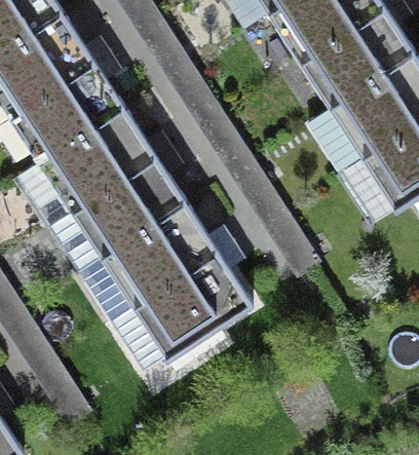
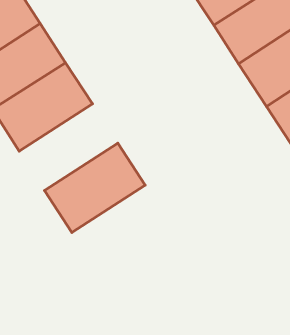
building: [62,152,178,254] -> none
building: [123,248,244,356] -> none

